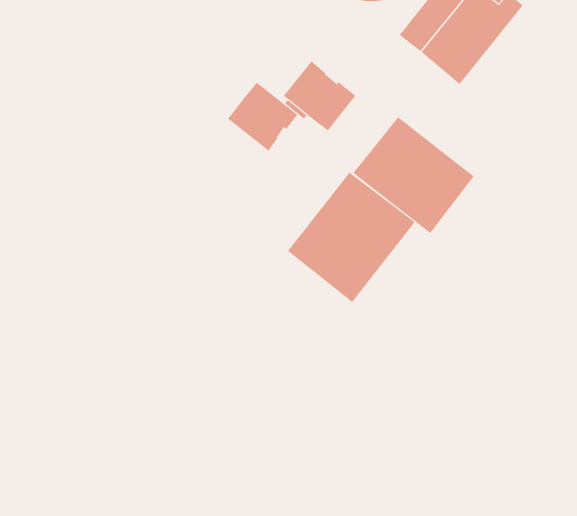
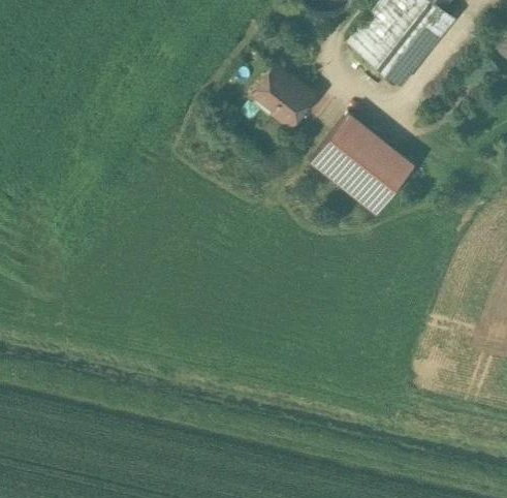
building: [227,82,298,151] -> none
building: [287,172,415,303] -> none

